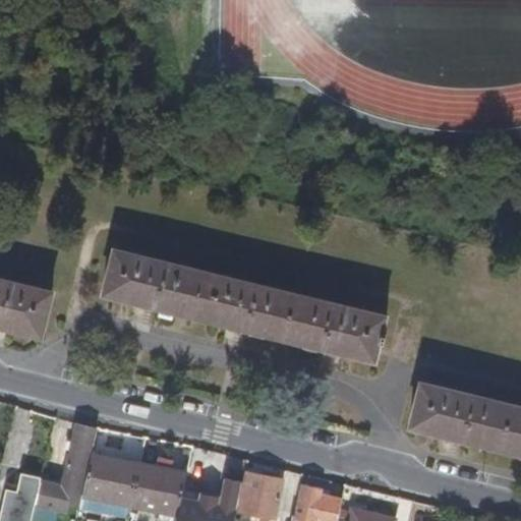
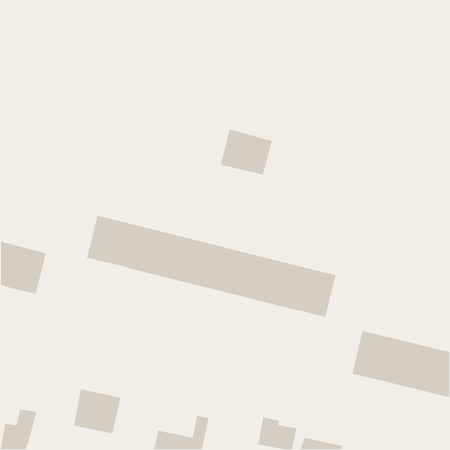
building: none -> [220,129,273,175]
building: [37,422,98,506] -> none
building: [130,459,188,512] -> none
building: [240,469,285,514] -> none

